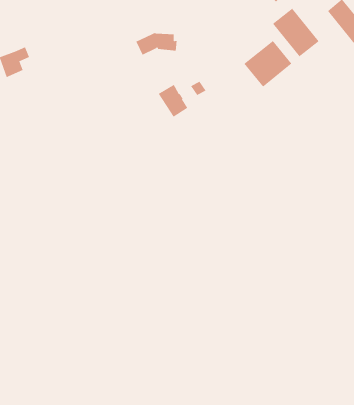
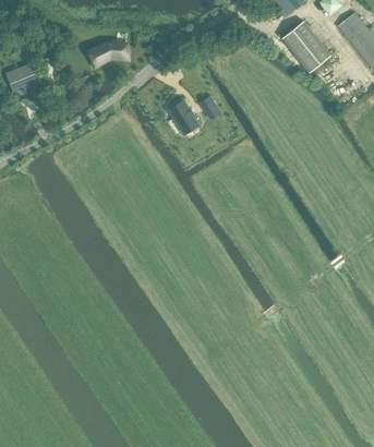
building: [136,32,178,56] -> [87,41,130,65]
building: [243,40,292,87] -> none

